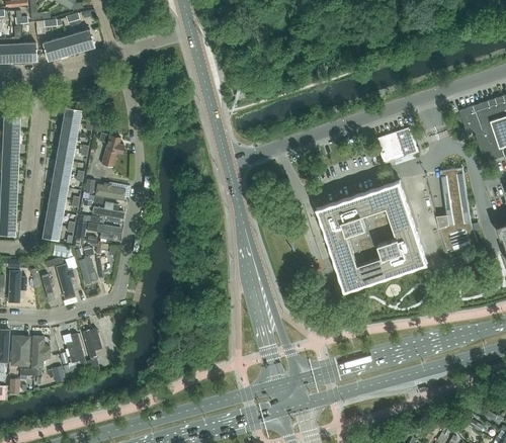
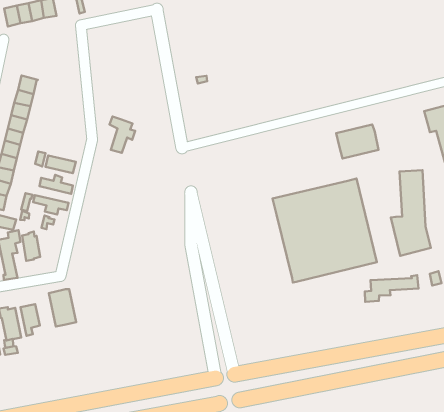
building: [98,134,123,168] -> [110,117,135,153]
building: none -> [365,275,419,302]
building: none -> [49,289,76,326]

